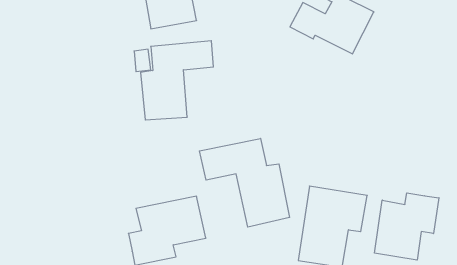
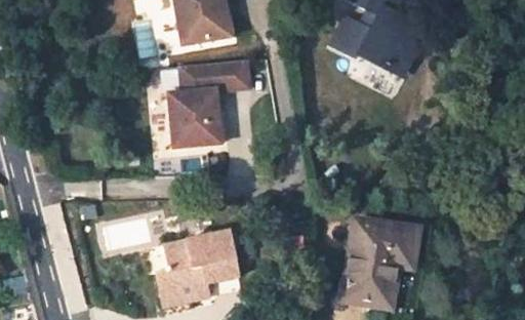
building: [199,138,290,227] -> none
building: [375,193,439,260] -> none

